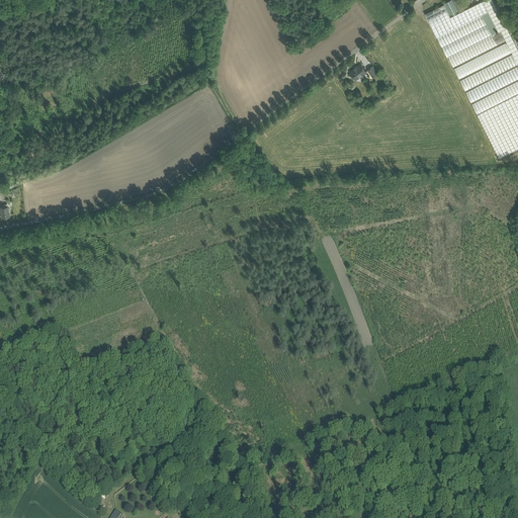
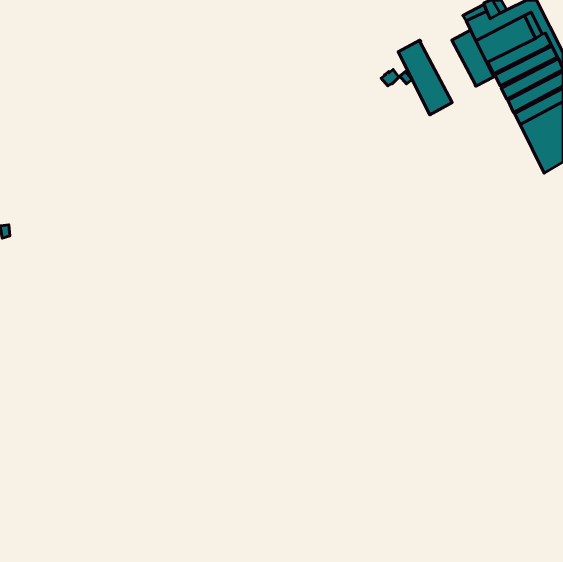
building: none -> [452,30,494,86]
building: none -> [398,40,452,115]

